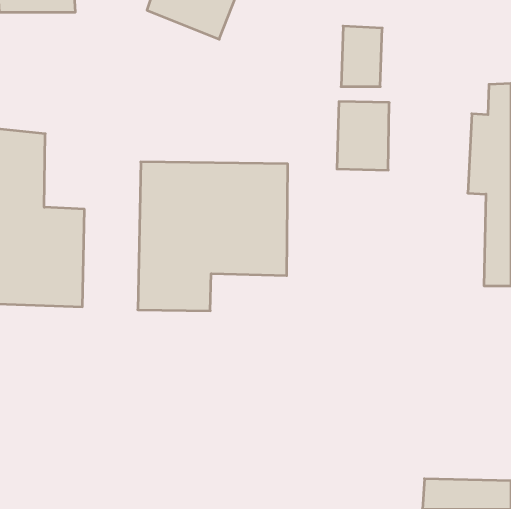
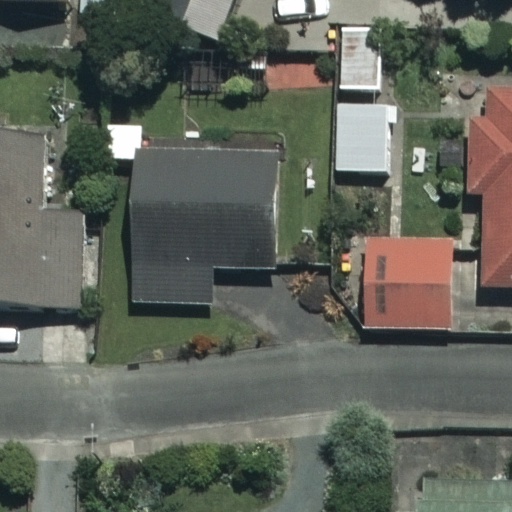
building: none -> [362,235,451,326]

